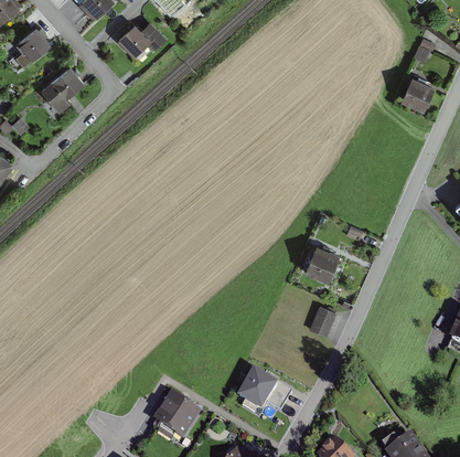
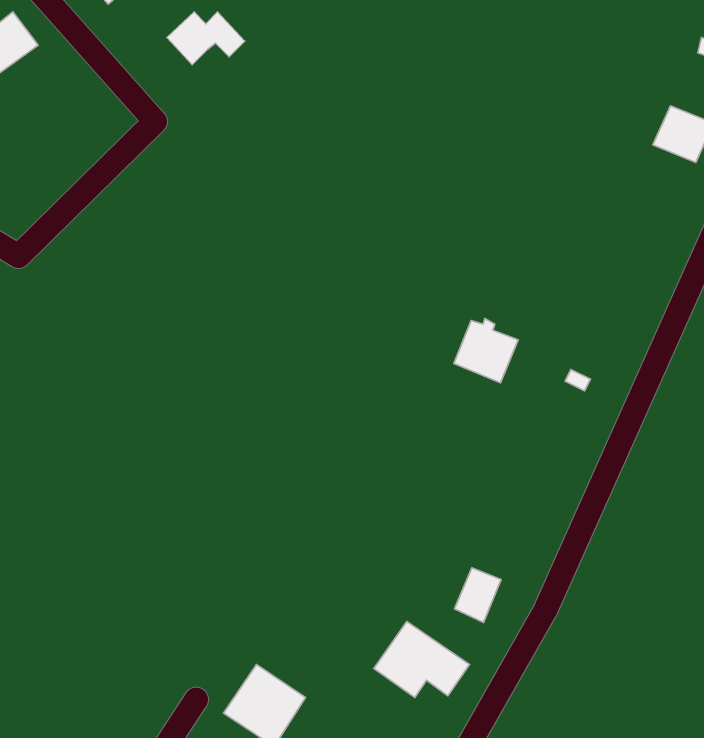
building: [36,64,81,111] -> none
building: [306,244,342,280] -> [454,318,518,383]
building: [308,304,334,334] -> [454,568,501,623]

